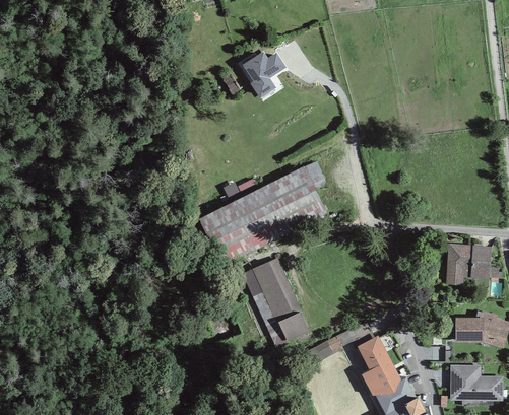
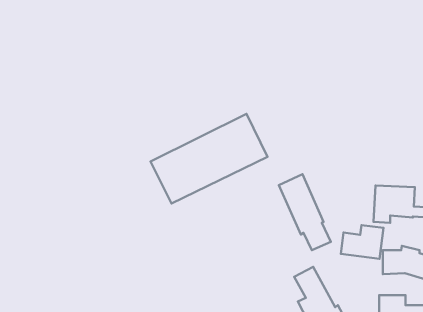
building: [243,55,283,98] -> none
building: [251,256,309,340] -> [279,174,331,250]
building: none -> [341,225,383,259]

